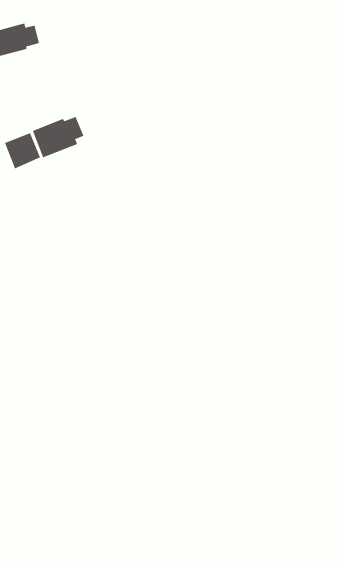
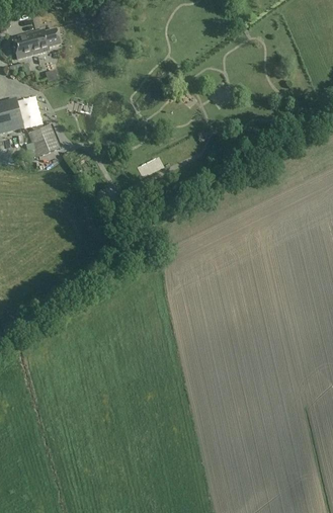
building: [32,116,84,158] -> none

